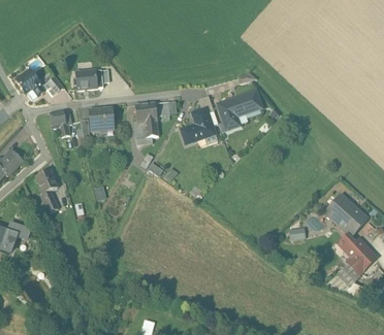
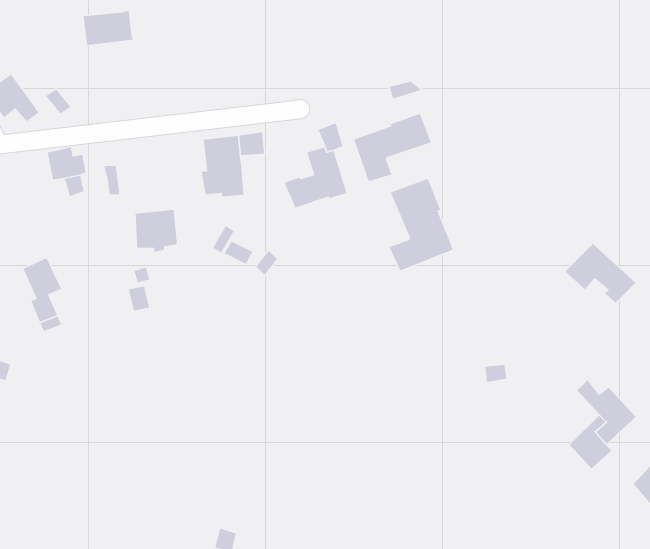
building: [75,70,103,90] -> [83,10,133,46]
building: [90,108,114,132] -> [135,209,178,252]
building: none -> [388,178,454,271]
building: [326,197,365,230] -> [565,243,636,303]

